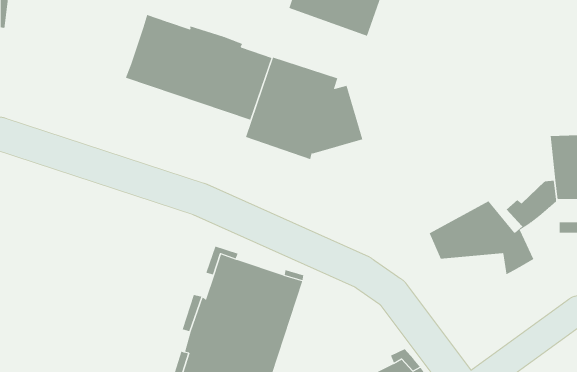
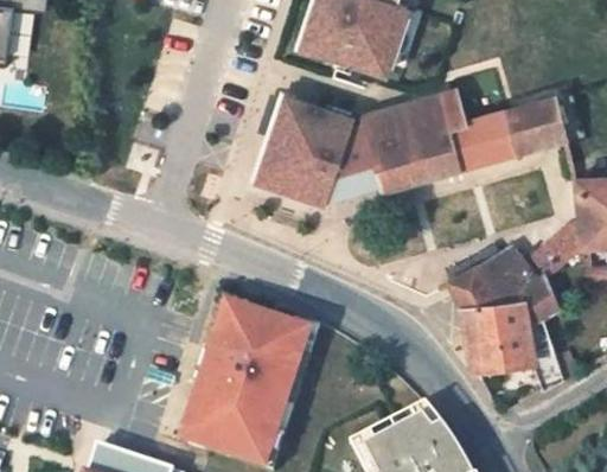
building: [125,14,272,120] -> none
building: none -> [362,89,567,191]
building: none -> [461,302,564,391]

